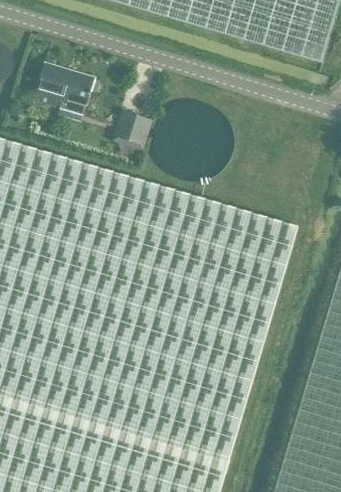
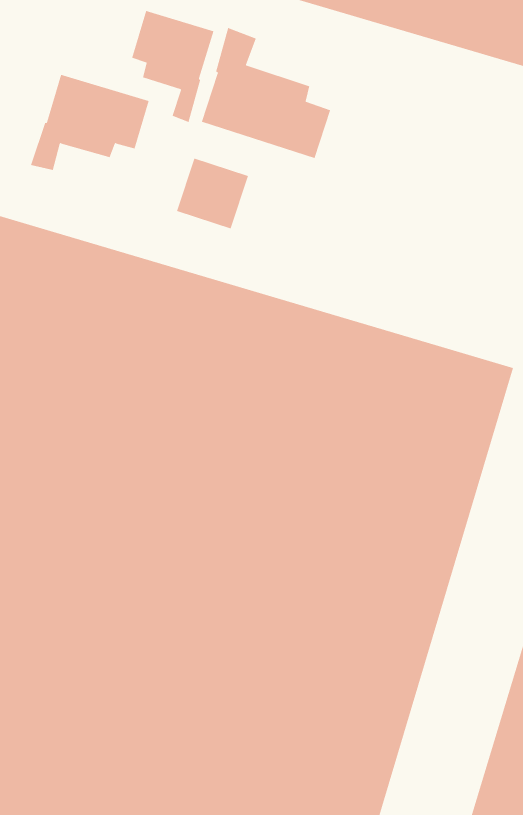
building: none -> [131,10,214,123]
building: none -> [201,27,331,159]

